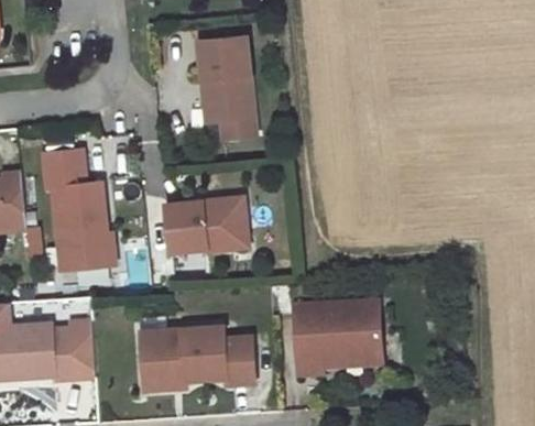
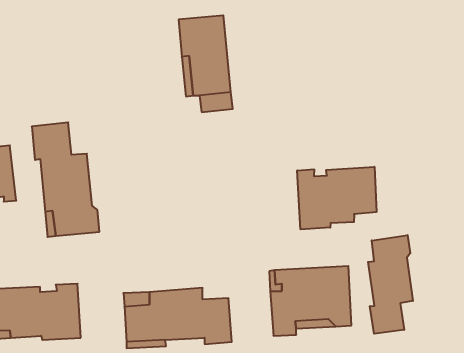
building: none -> [297,167,376,229]
building: [164,197,248,253] -> none
building: none -> [368,235,413,334]

